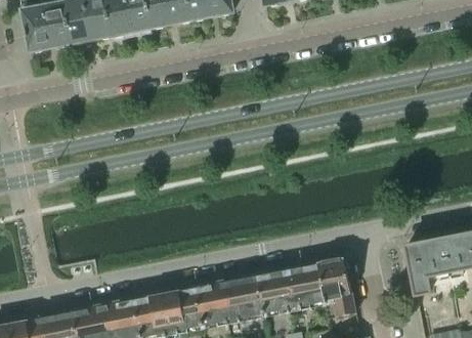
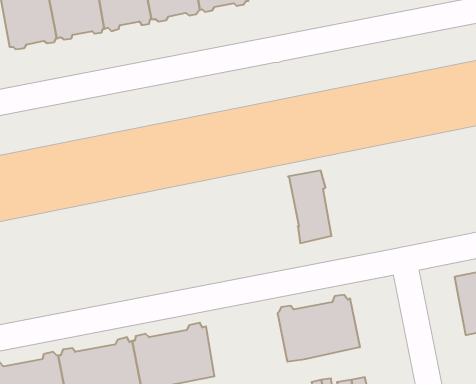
building: [317,257,354,319] -> [288,171,332,243]
building: [197,271,265,329] -> none

